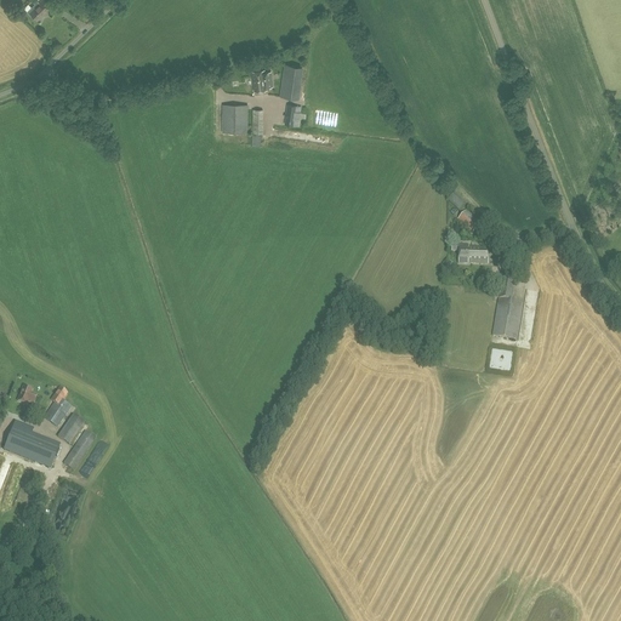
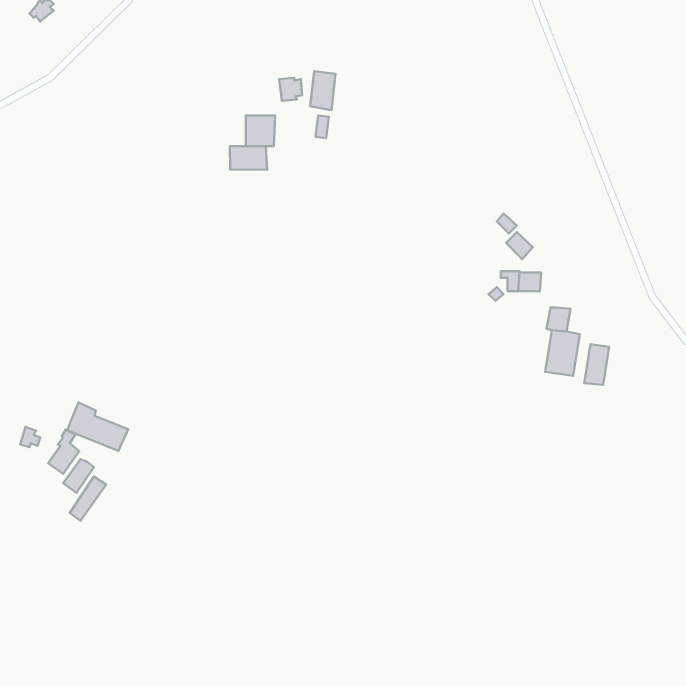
building: none -> [230,146,267,170]
building: none -> [584,344,609,385]
building: [6,422,61,466] -> [68,402,128,451]

